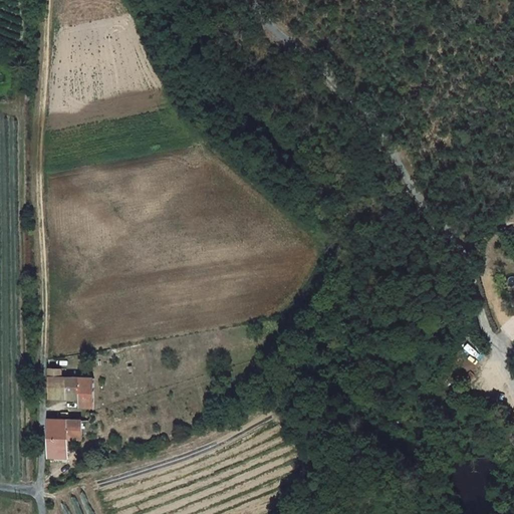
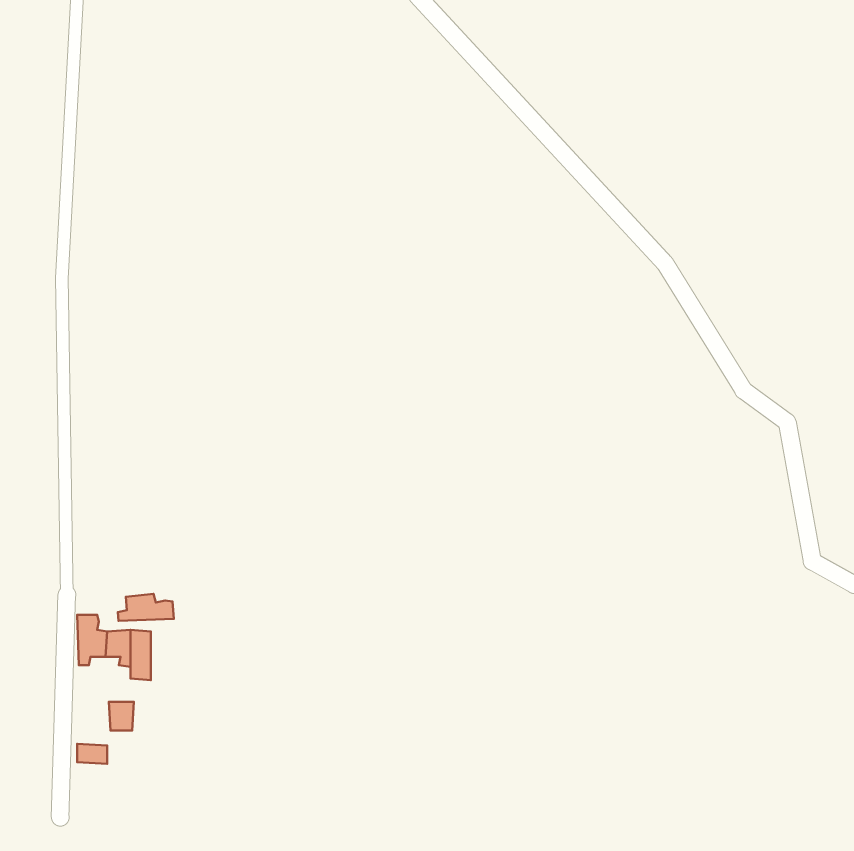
building: none -> [118,594,174,621]
building: [46,420,66,447] -> none

